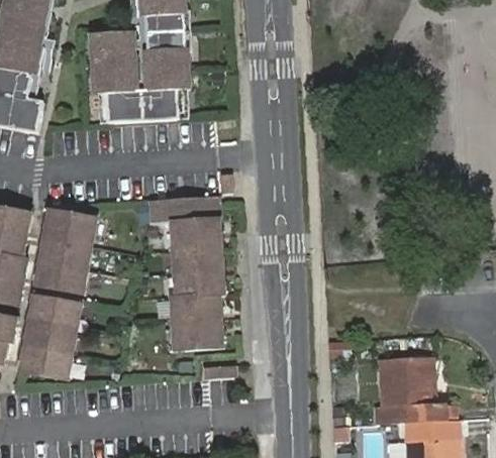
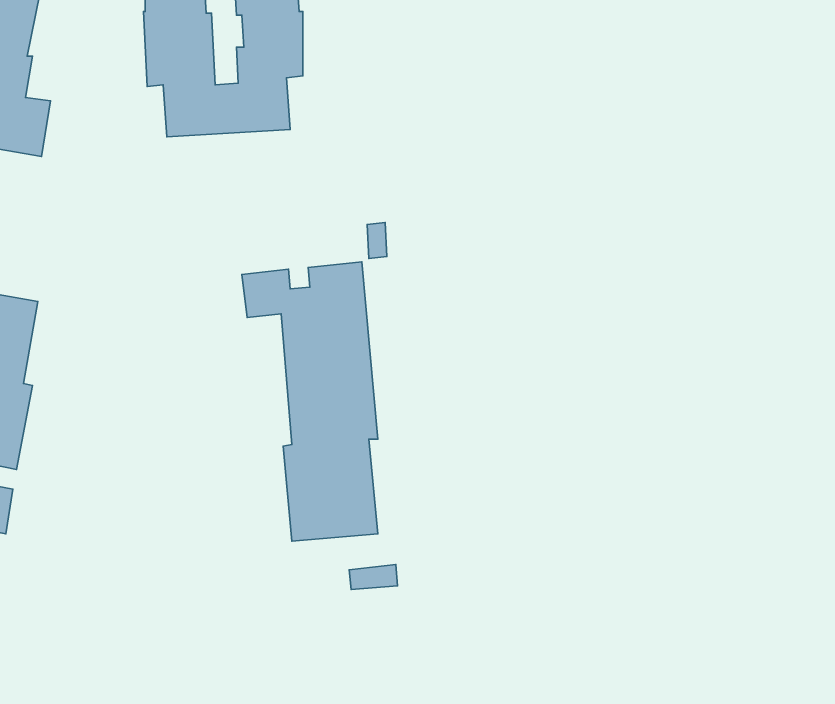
building: [36,209,93,295] -> none
building: [21,296,77,380] -> none
building: [368,364,451,430] -> none

